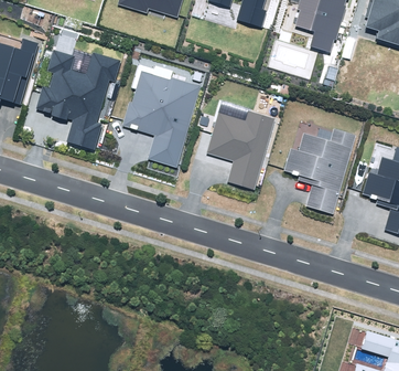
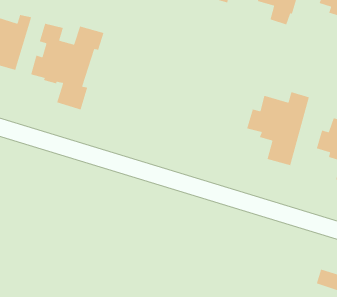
building: [122,71,201,166] -> none
building: [206,110,276,189] -> none

